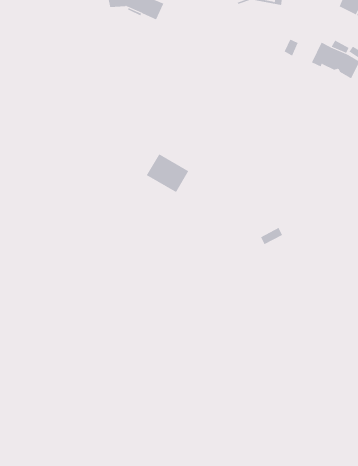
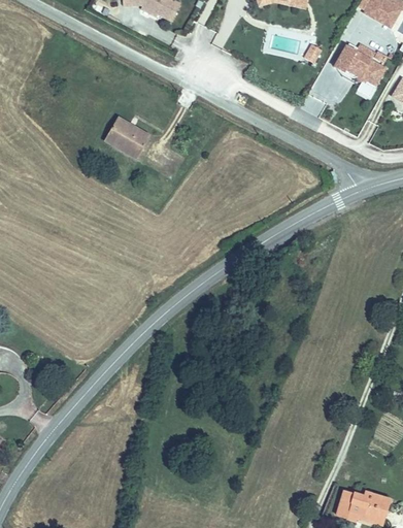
building: [146,154,189,193] -> [107,116,153,157]

